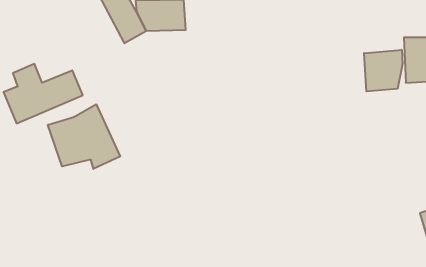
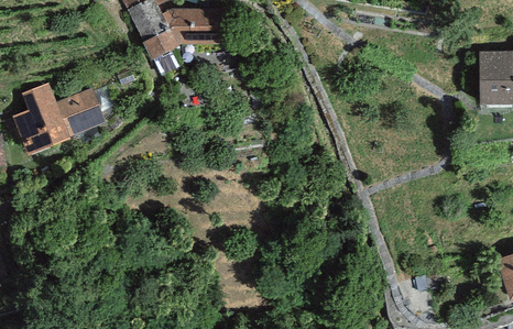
building: [364,50,402,91] -> none
building: [48,104,120,169] -> none

